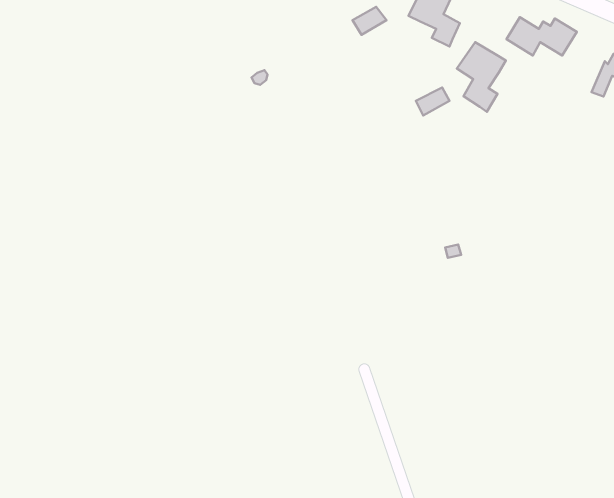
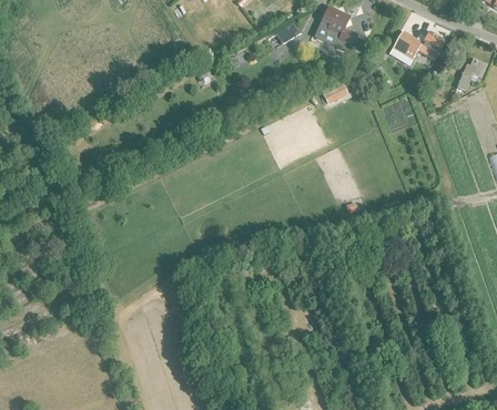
building: [457,42,506,112] -> none

